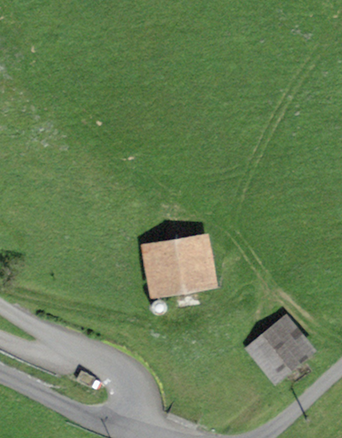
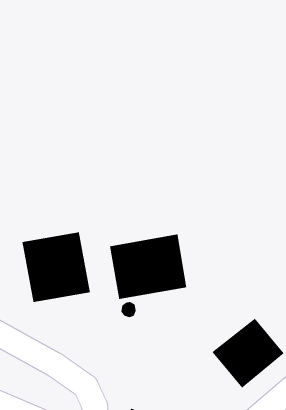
building: none -> [22,231,90,303]

